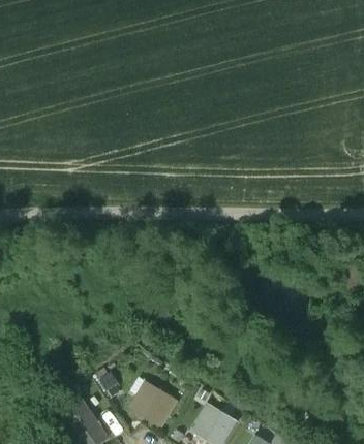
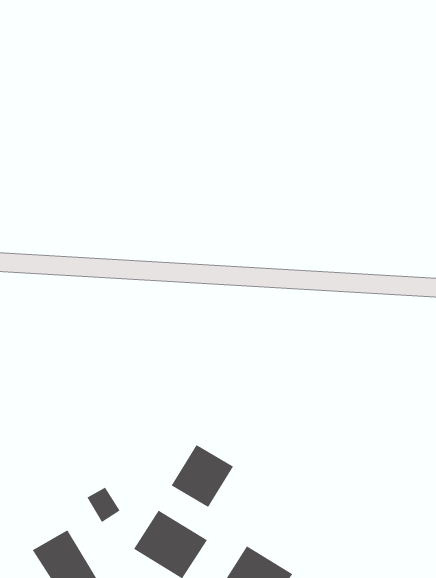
building: none -> [171,444,234,508]

